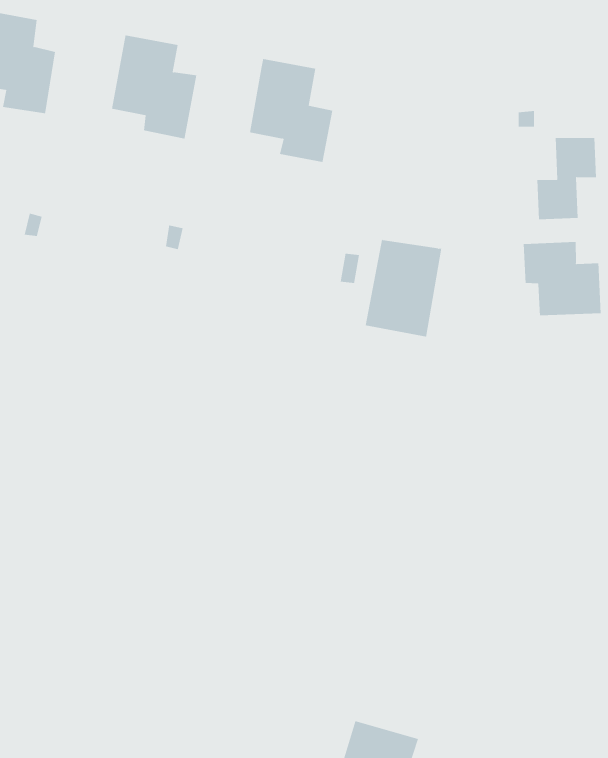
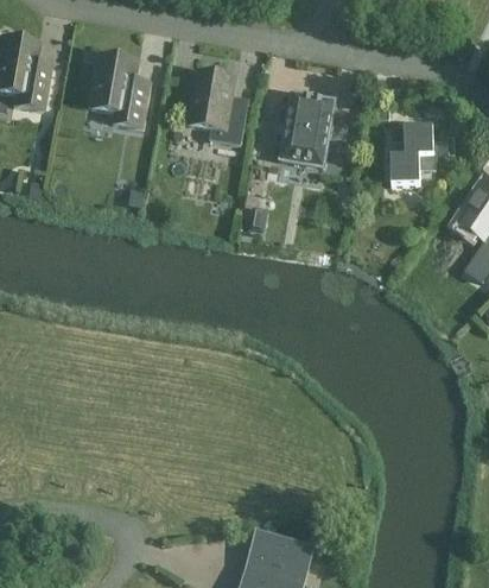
building: [365,238,442,337] -> [280,93,335,163]
building: [523,241,601,316] -> none

